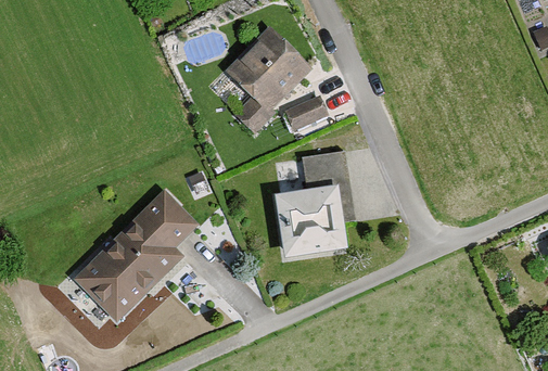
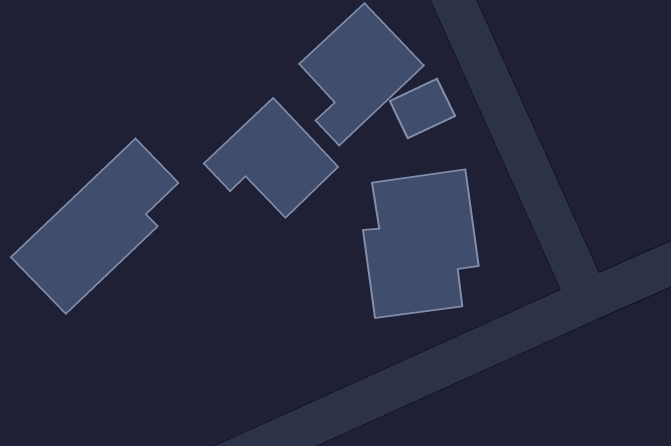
building: none -> [204,98,338,218]
building: [74,193,196,321] -> [11,138,178,314]

